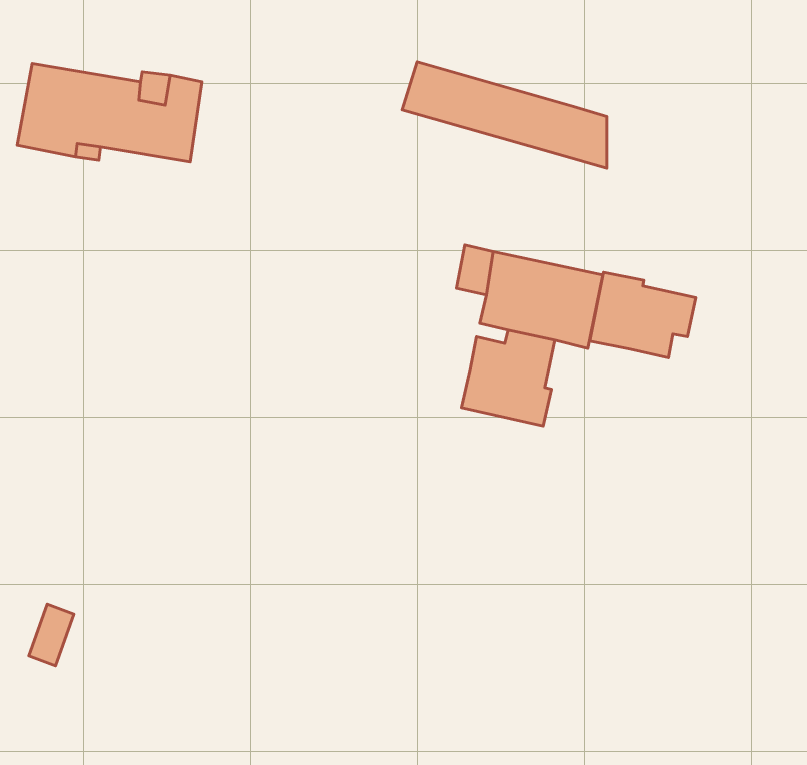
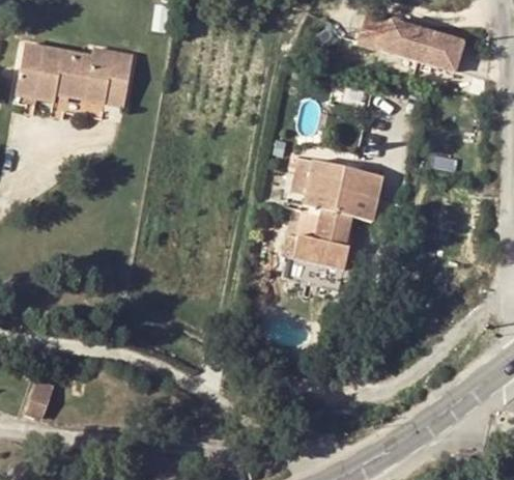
building: [402,62,607,168] -> [355,13,483,80]
building: [590,272,696,358] -> none

